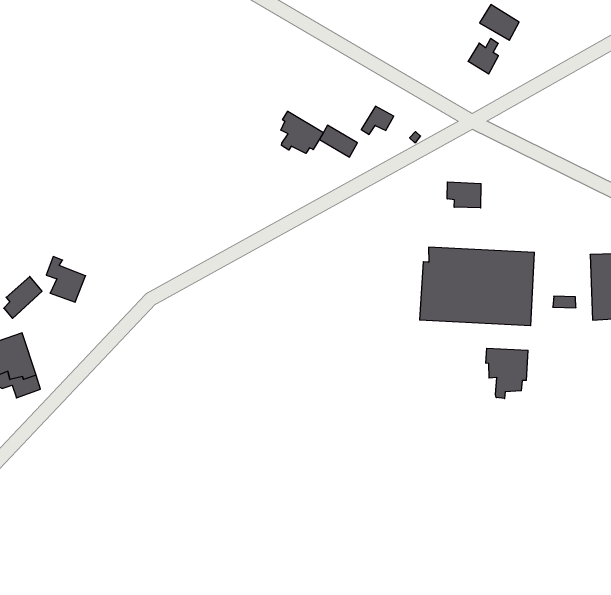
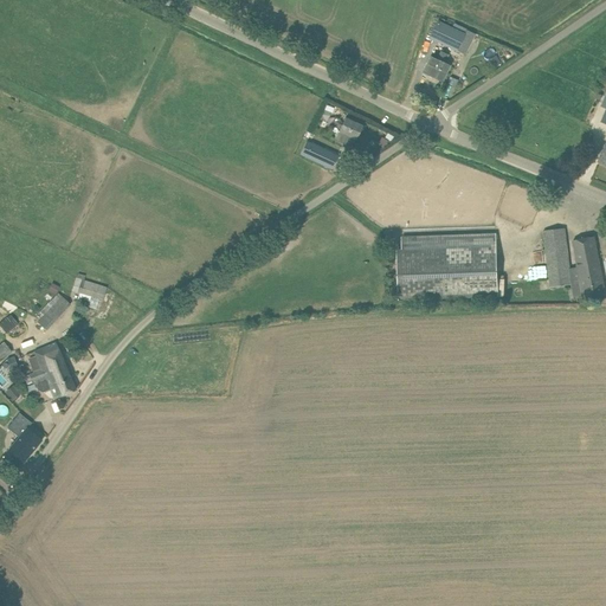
building: [281,111,324,153] -> none
building: [447,182,481,208] -> none
building: [486,348,528,399] -> none

